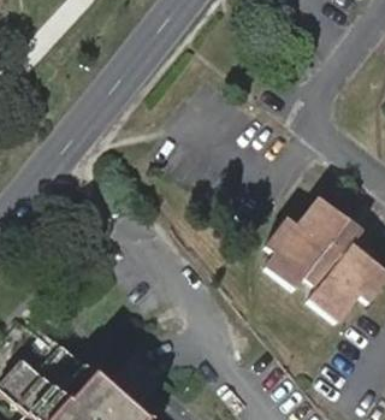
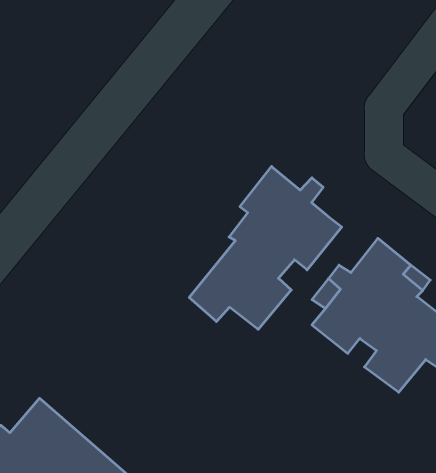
building: none -> [189,166,342,329]

